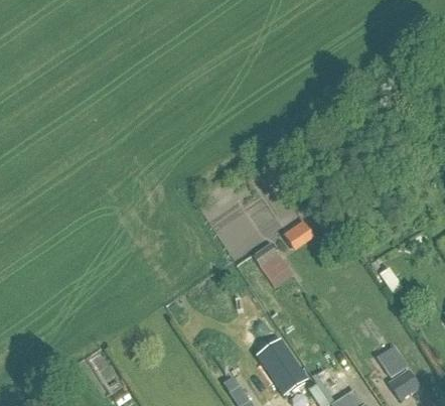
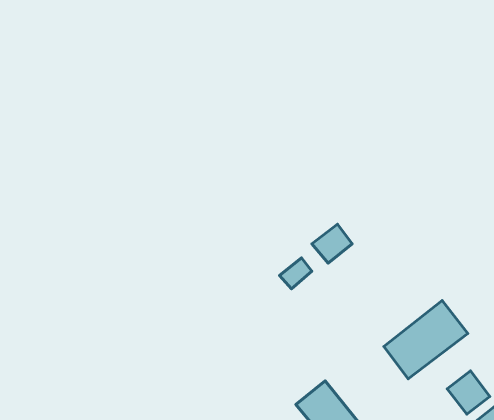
building: none -> [384,300,468,379]

